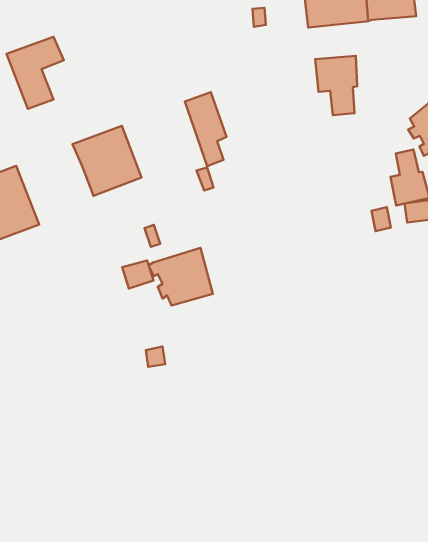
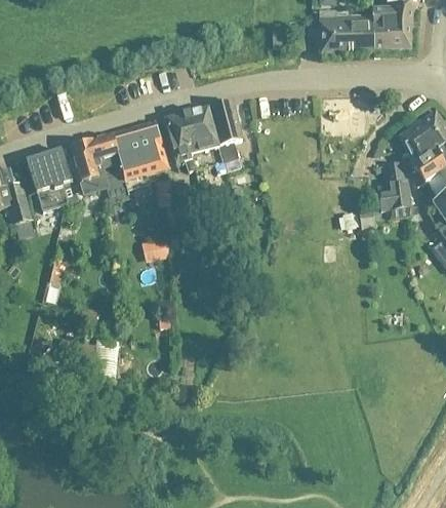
building: [6,37,64,109] -> [70,133,118,193]
building: [315,56,357,115] -> none
building: none -> [164,106,218,170]
building: [149,248,213,305] -> none

